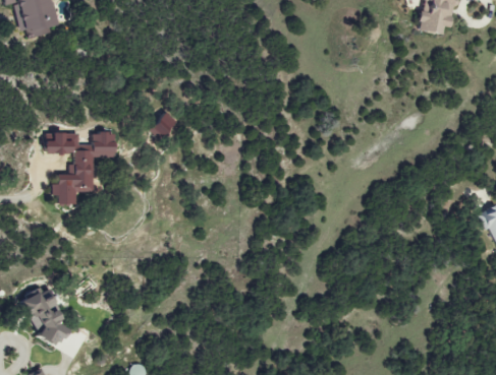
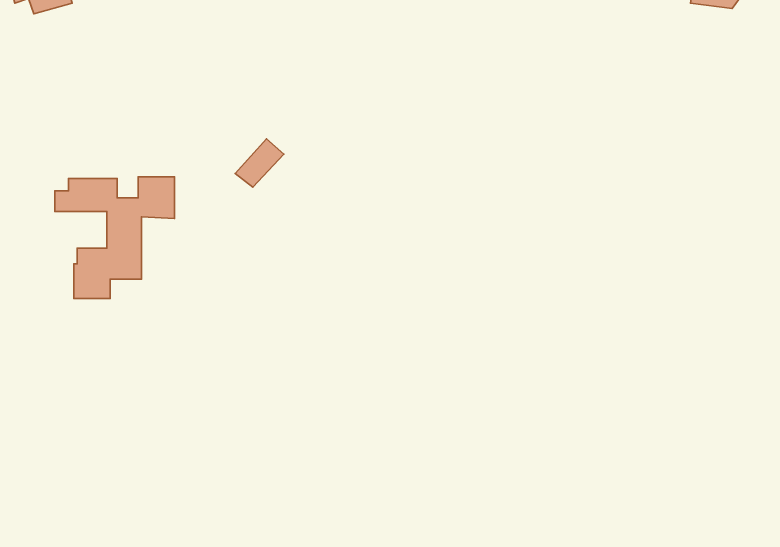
building: [19,288,62,343] -> none

